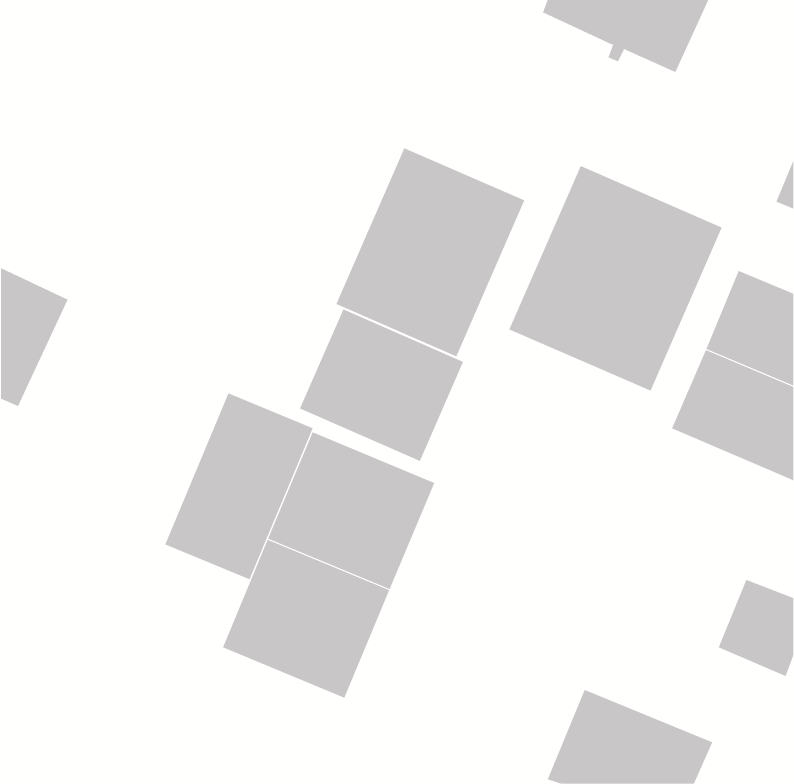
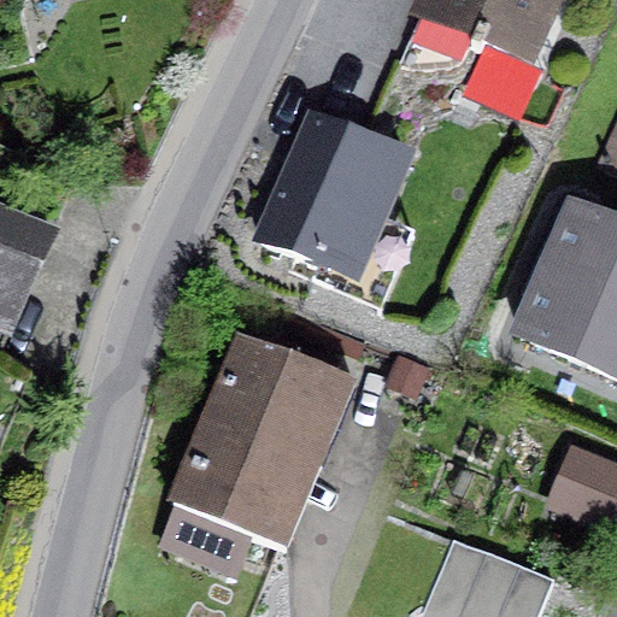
building: [509,165,722,392] -> none
building: [299,308,464,462] -> none
building: [165,392,314,580] -> none

